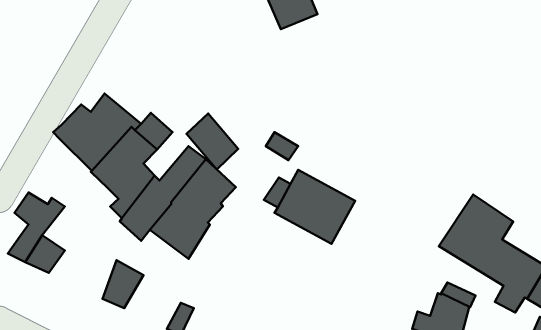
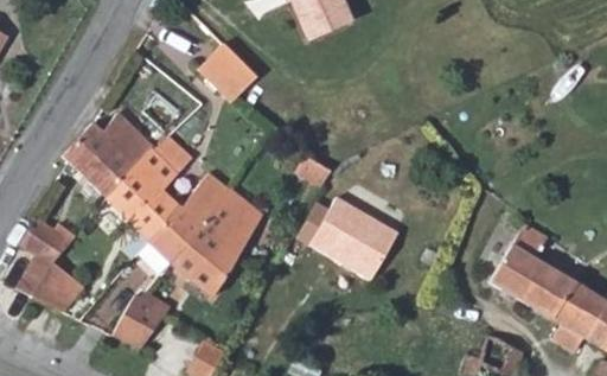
building: [187,114,238,169] -> [199,39,256,101]

